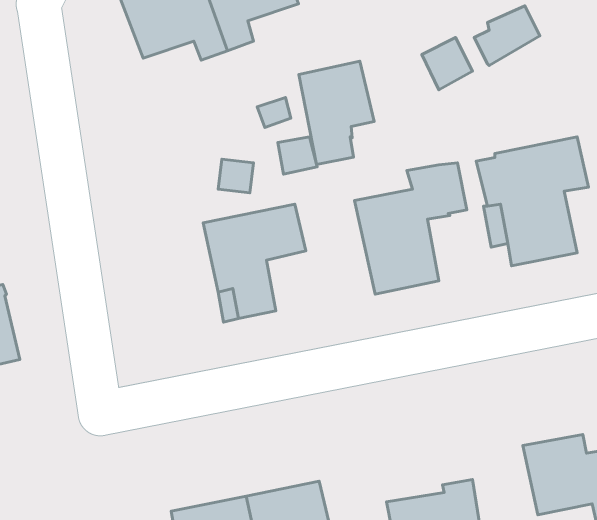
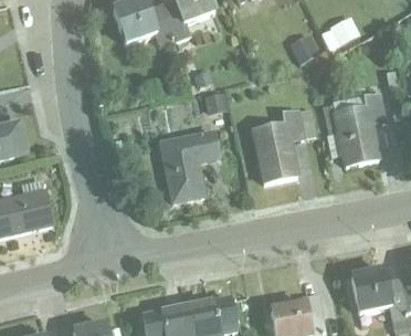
building: [299,61,374,165] -> none

